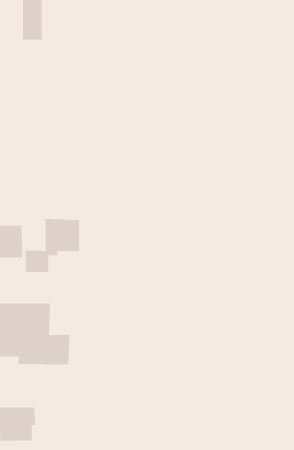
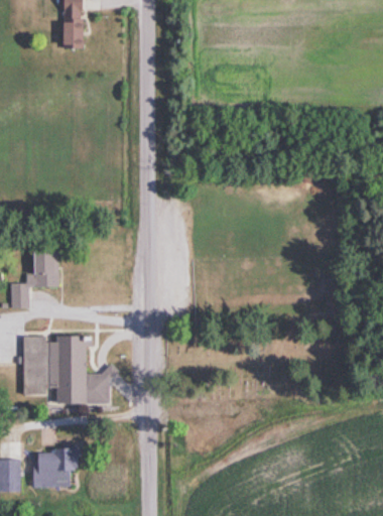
building: [25,218,79,273] -> none

